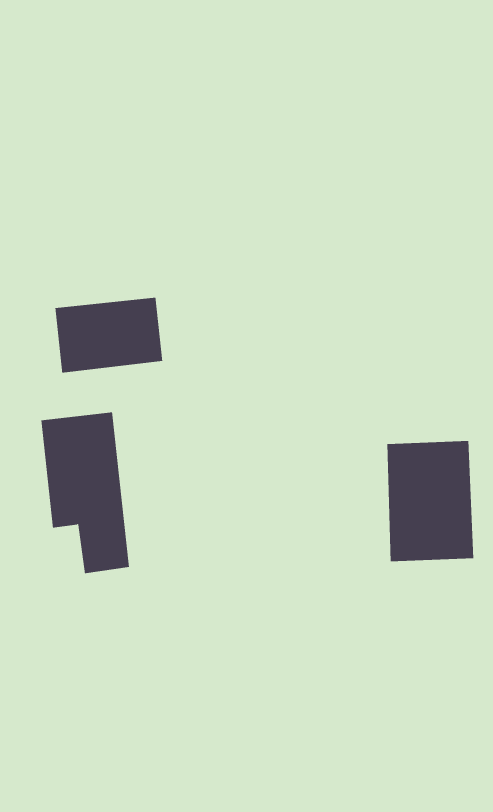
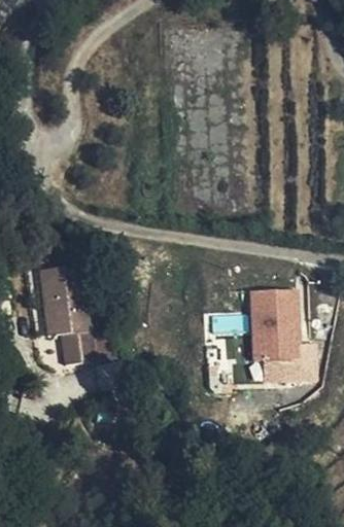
building: [55,297,163,374] -> none

